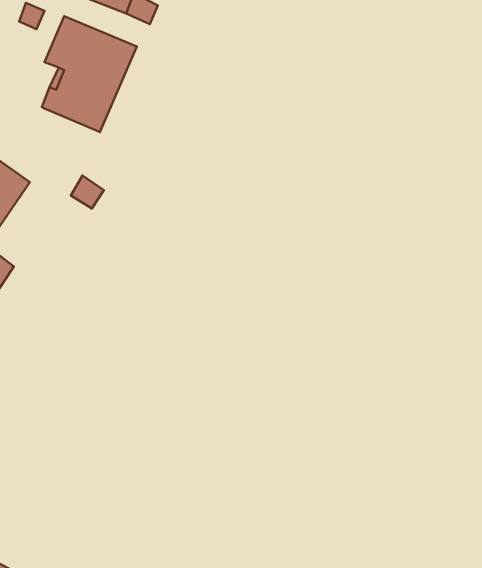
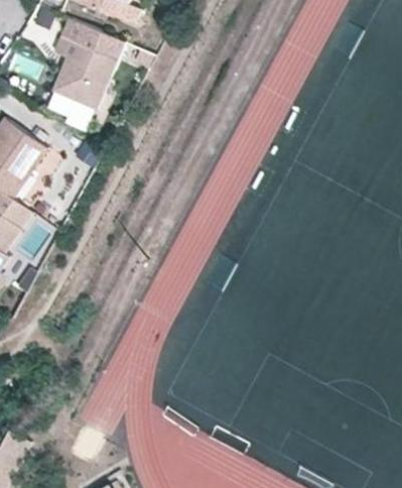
building: none -> [46,90,94,130]

